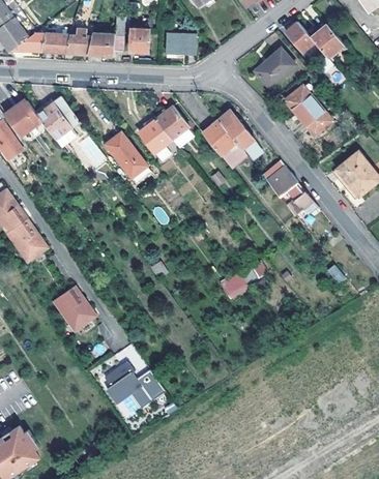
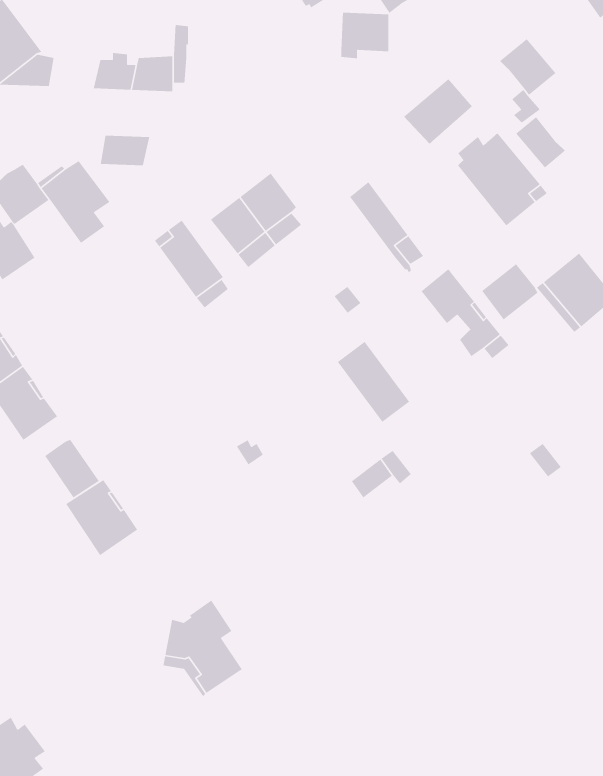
building: [284,22,314,53] -> [515,116,566,168]
building: [130,29,150,52] -> none
building: [165,34,194,62] -> [340,12,389,59]
building: [41,35,71,54] -> [100,135,150,166]
building: [203,118,246,167] -> [337,341,410,423]
building: none -> [481,263,539,320]
building: none -> [44,439,100,498]

